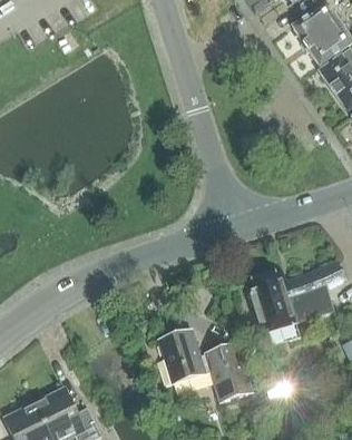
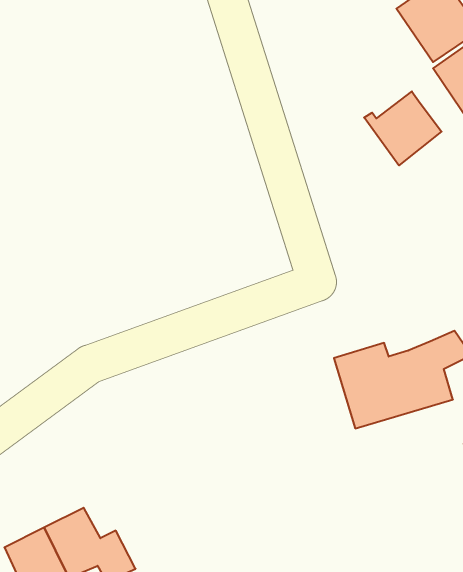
building: none -> [364,91,442,165]
building: [157,330,251,401] -> none

